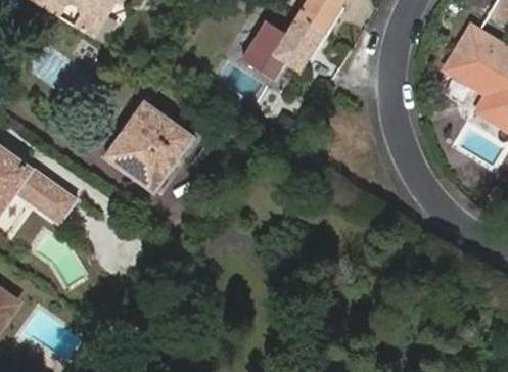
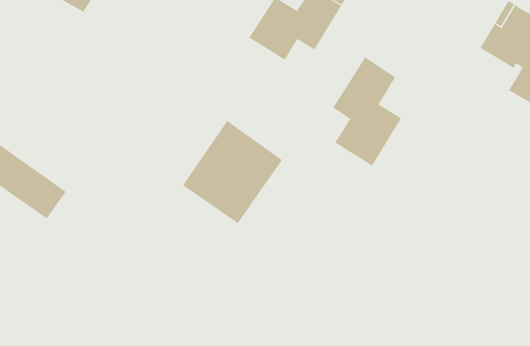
building: none -> [332,57,402,166]
building: [106,99,196,192] -> [182,120,283,224]

